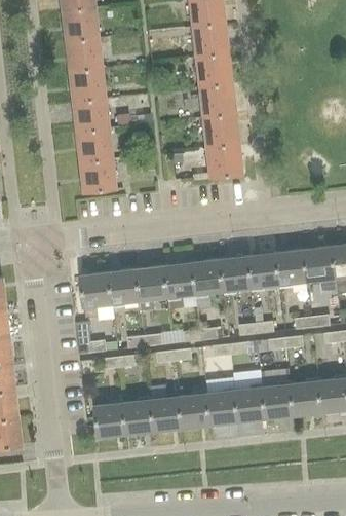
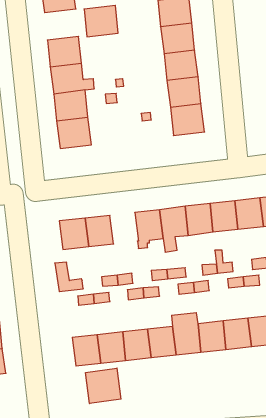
building: [65,38,103,73] -> [84,5,118,37]
building: [138,266,169,301] -> none
building: none -> [86,368,121,404]

